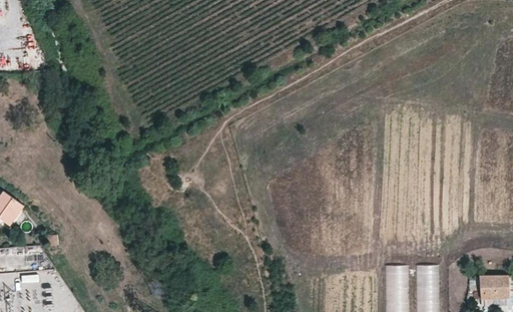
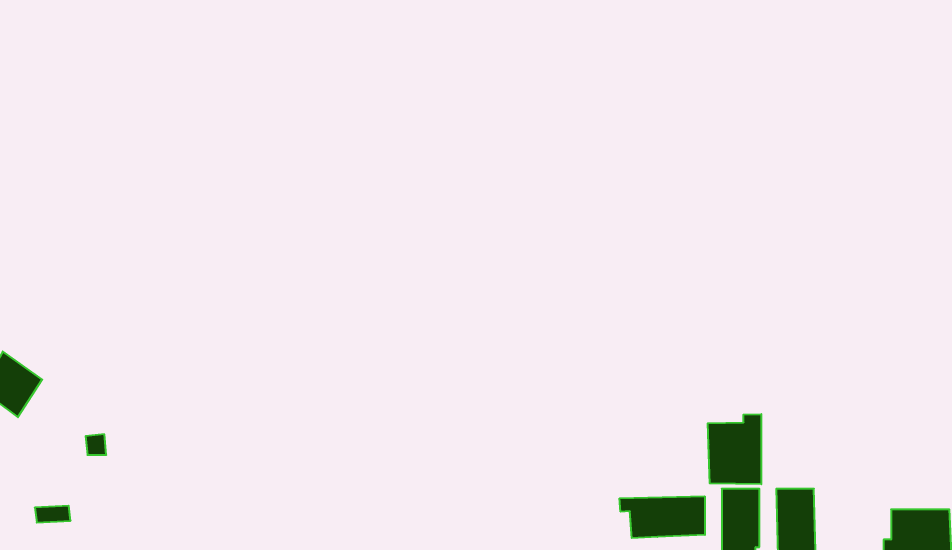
building: none -> [708,414,761,484]
building: none -> [620,496,705,538]

